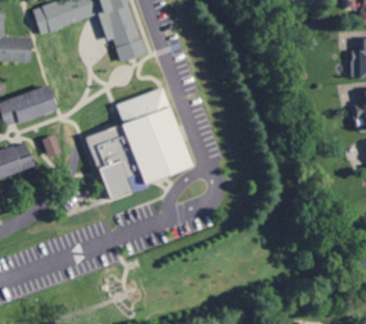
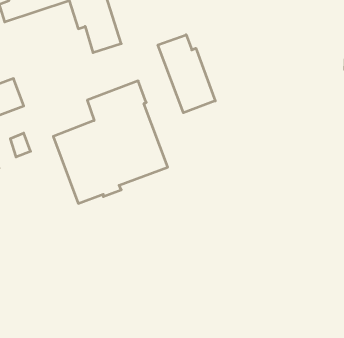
building: none -> [158,35,215,113]

